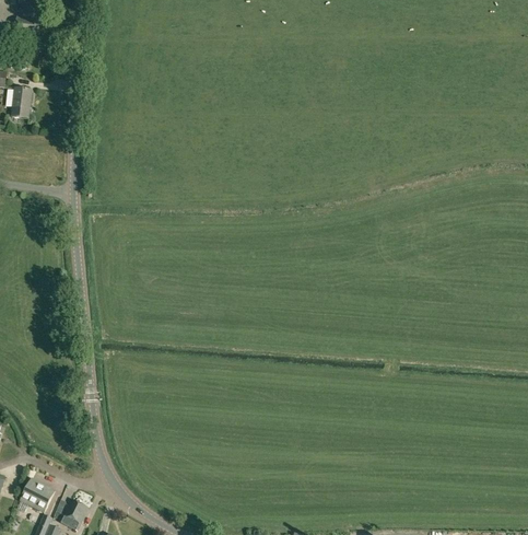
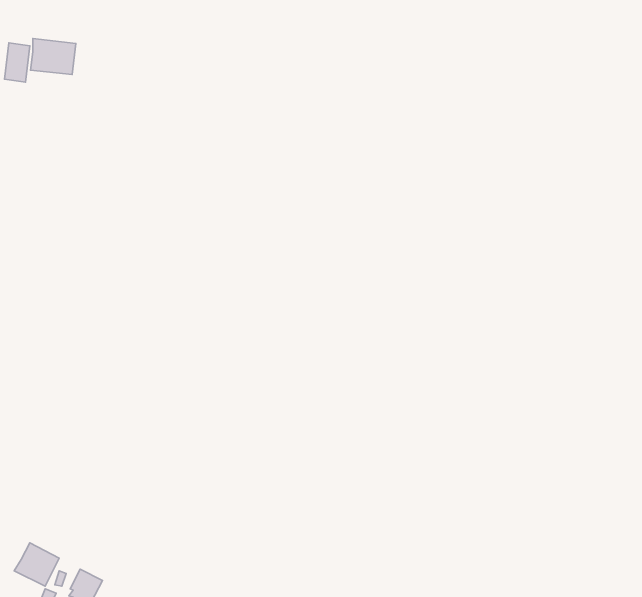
building: none -> [31,38,76,74]

